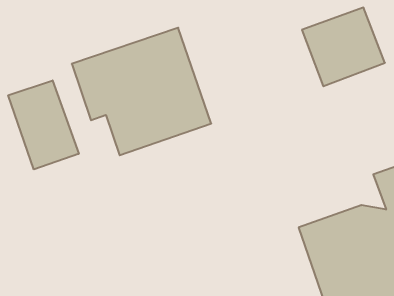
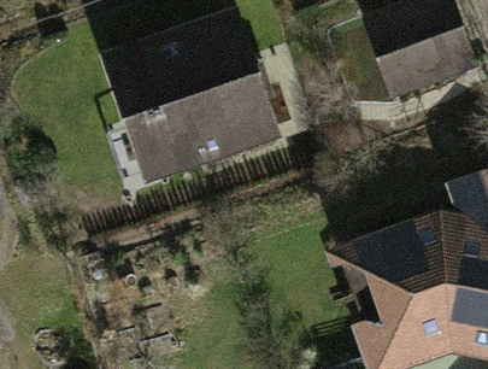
building: [8,80,79,169] -> none

